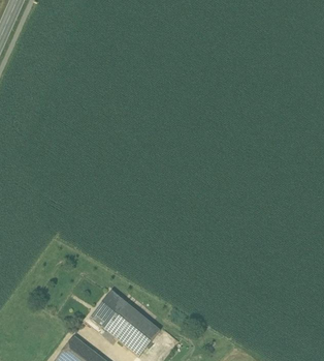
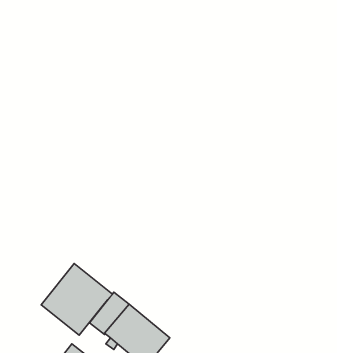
building: none -> [41,264,112,335]

